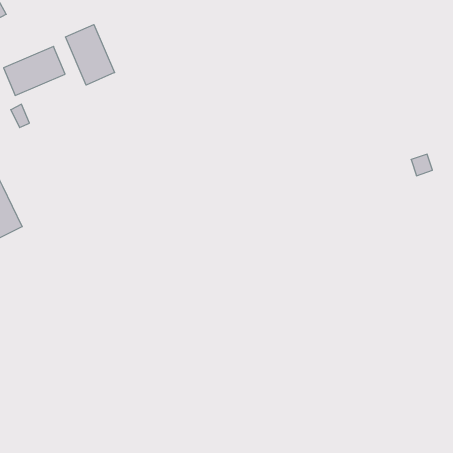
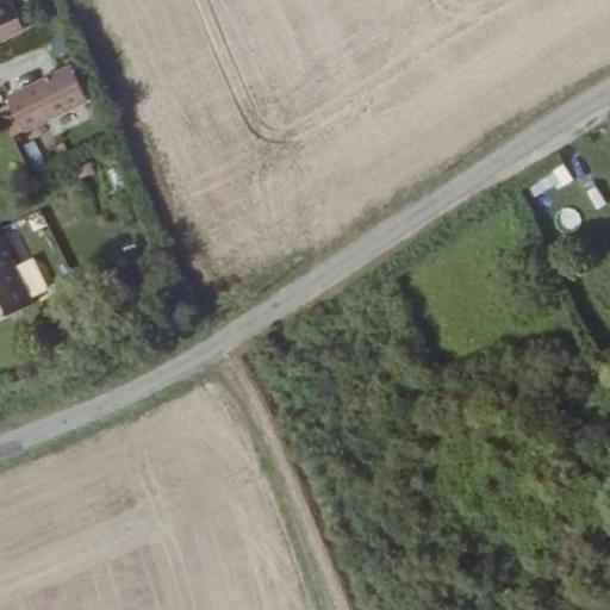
building: [66,25,115,85] -> none

